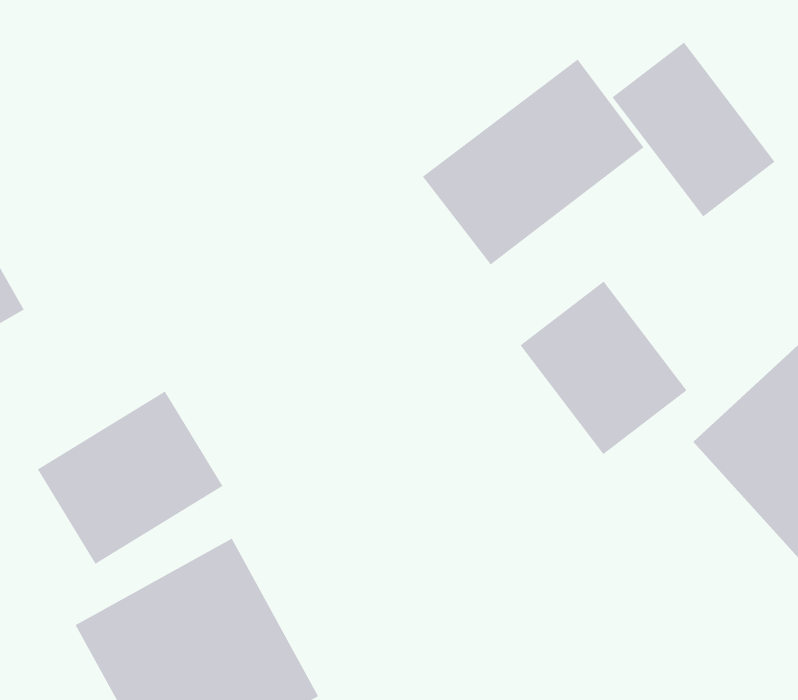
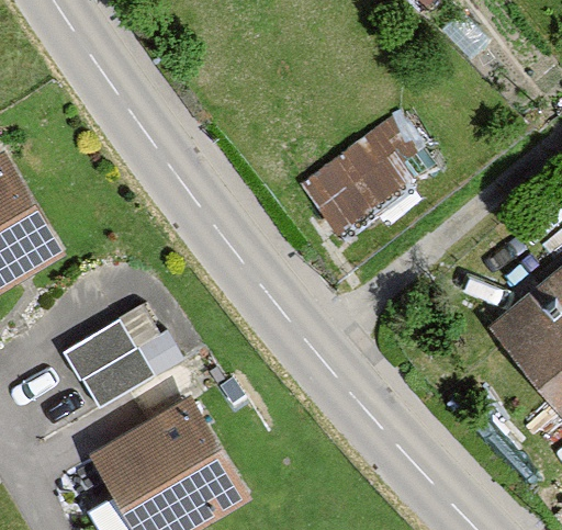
building: [612,41,776,218] -> none
building: [519,280,688,455] -> none

